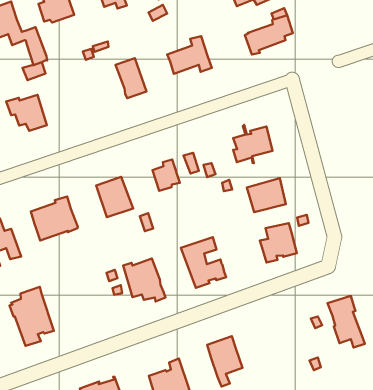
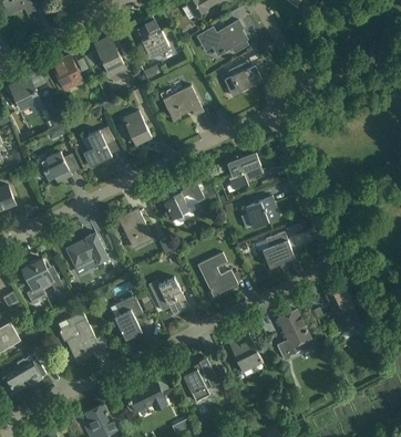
building: none -> [82,126,113,167]
building: none -> [113,295,142,340]
building: none -> [276,310,311,361]

